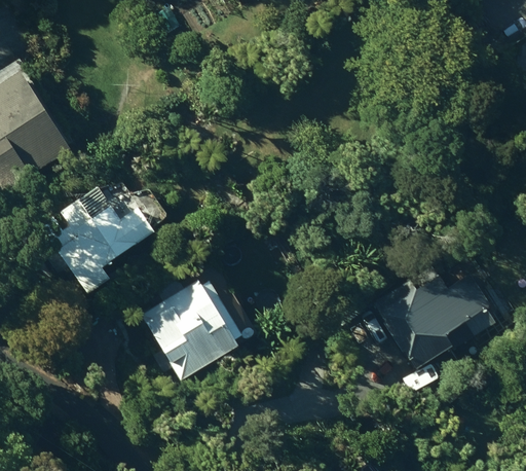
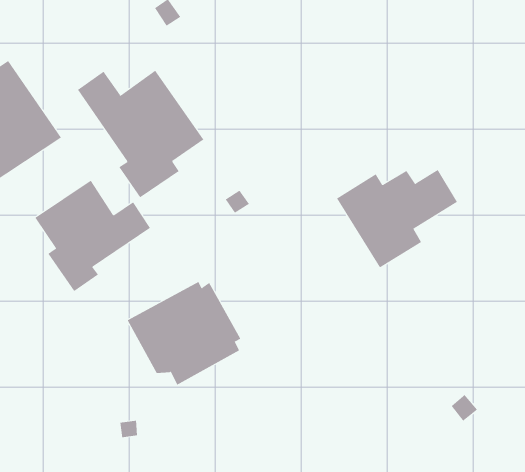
building: none -> [77,70,204,198]
building: [375,276,490,369] -> [336,169,458,268]

